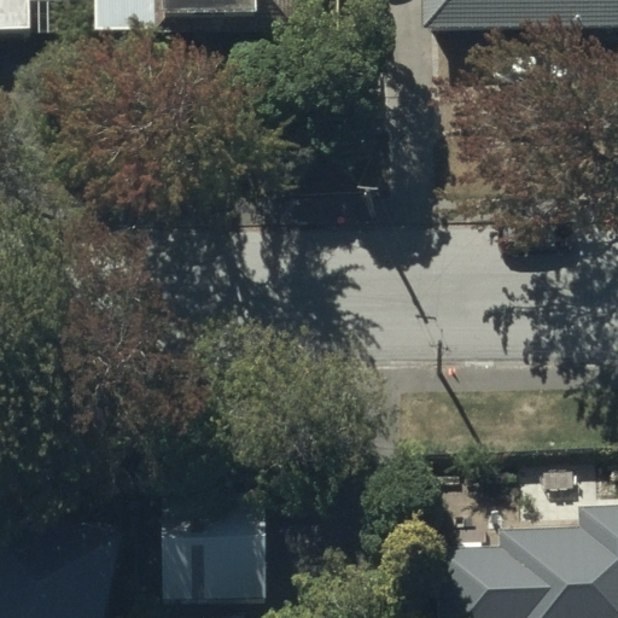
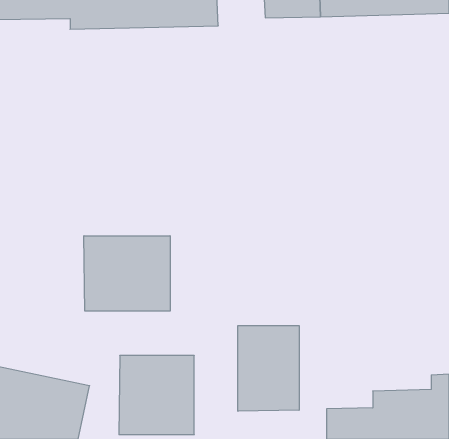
building: none -> [84,236,170,311]
building: none -> [238,326,299,411]

